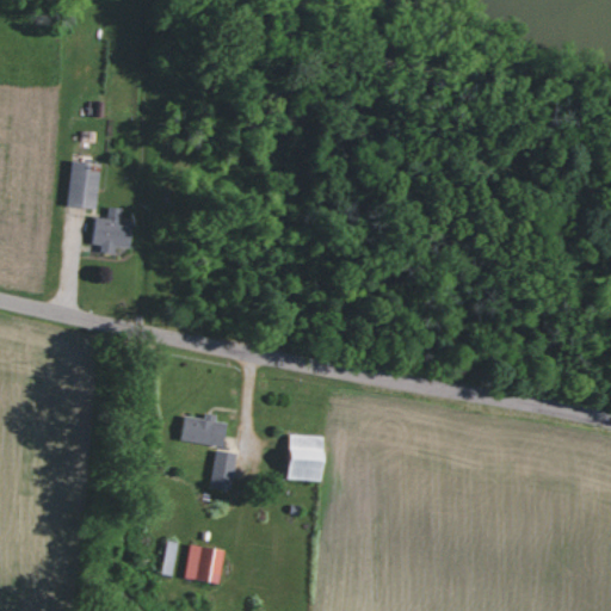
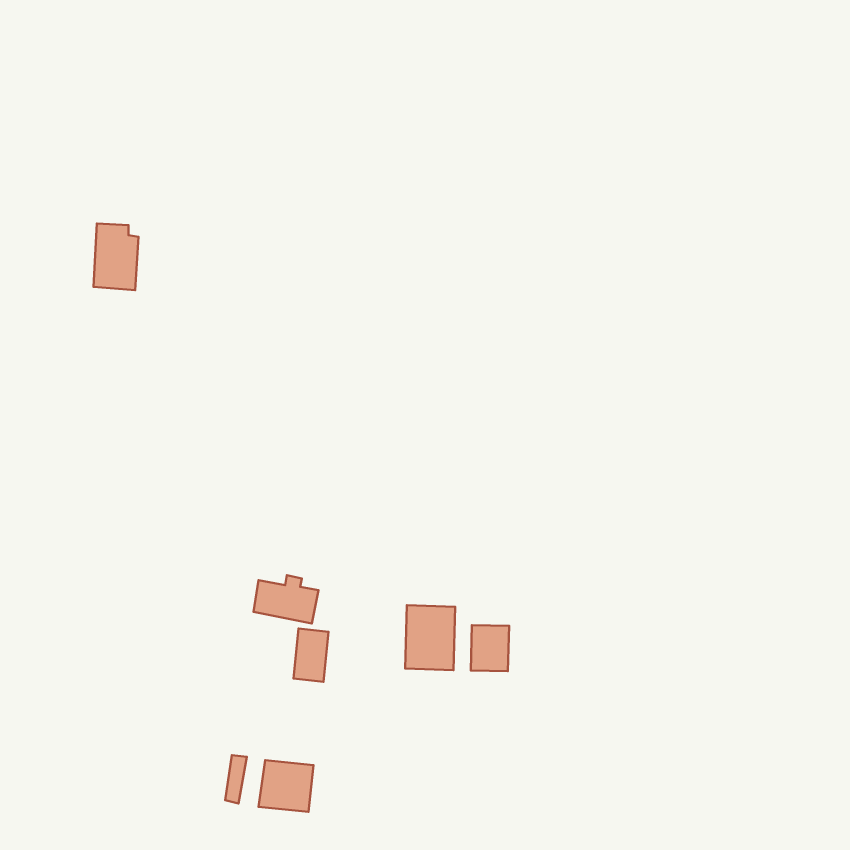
building: [92,208,134,253] -> none
building: none -> [471,625,509,671]

